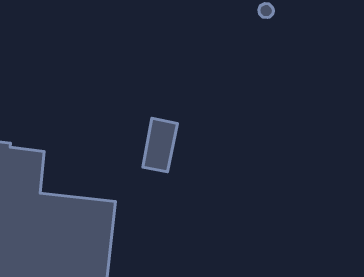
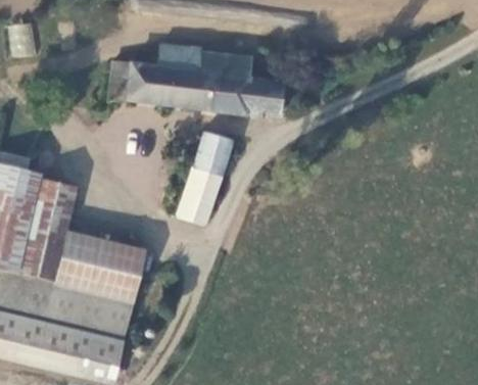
building: none -> [108,45,282,118]
building: none -> [193,134,229,177]

